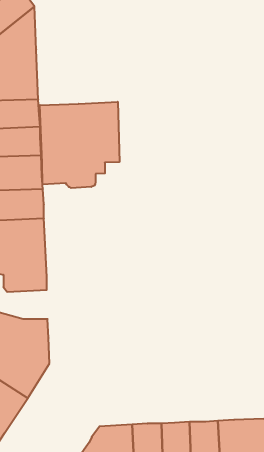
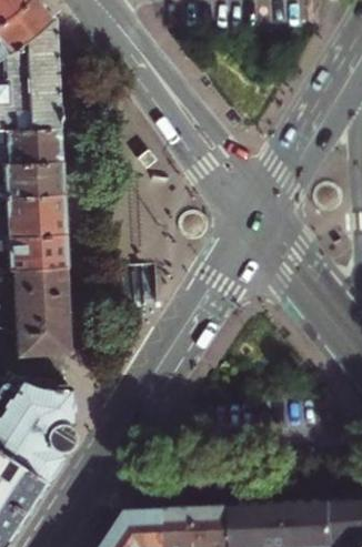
building: [40,102,119,188] -> none

